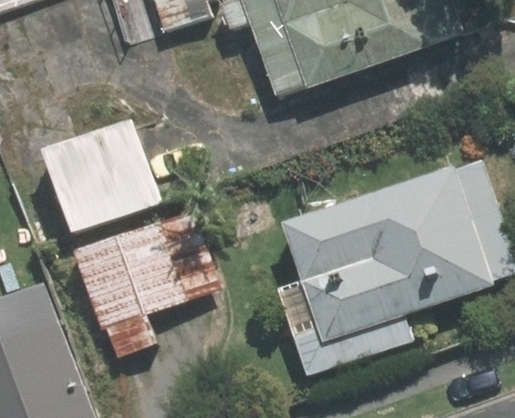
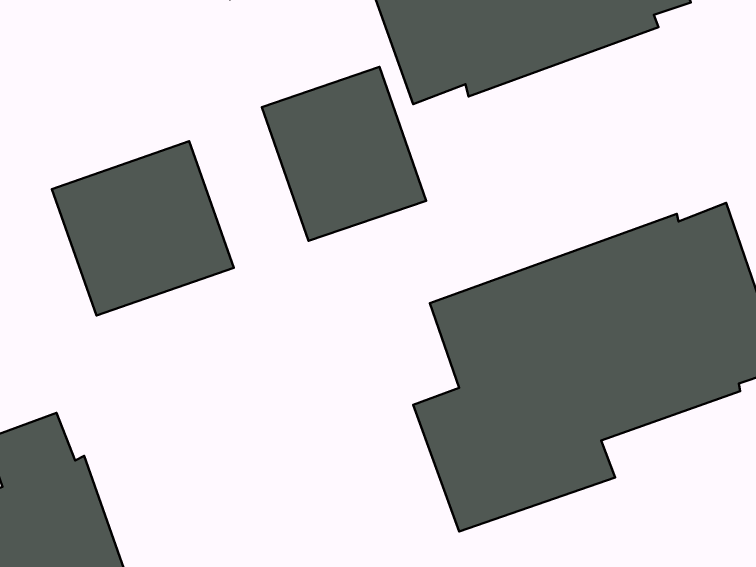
building: none -> [262,67,426,241]
building: [72,210,218,358] -> none

